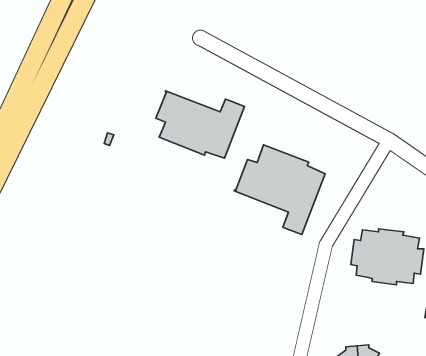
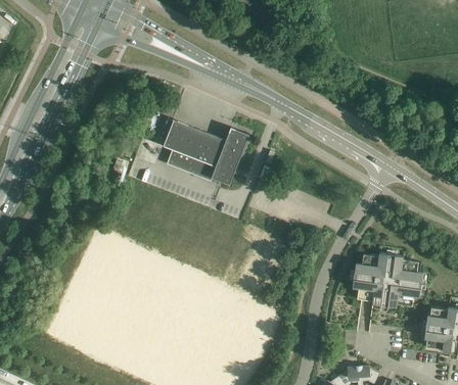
building: [234,145,325,235] -> none

